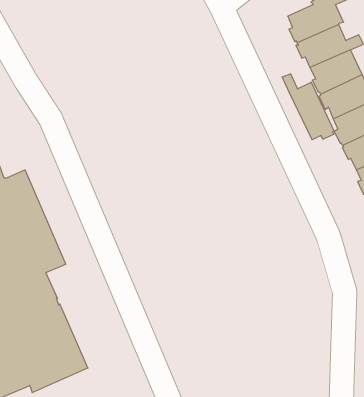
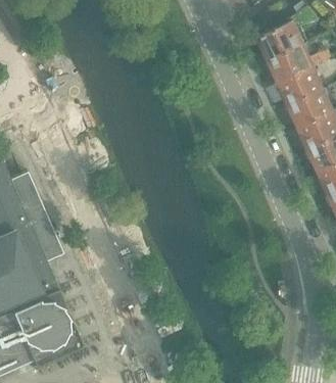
building: [282,74,334,140] -> none

